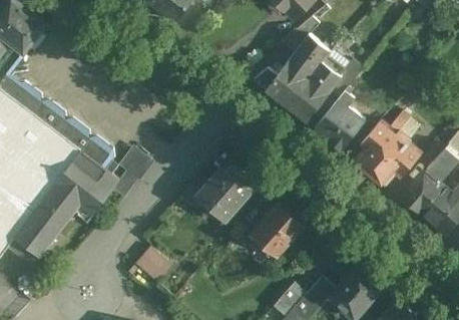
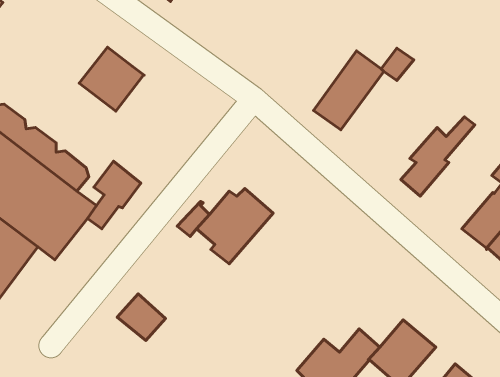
building: [255,27,330,106] -> none
building: none -> [79,47,144,111]
building: [315,86,366,148] -> none
building: [369,117,421,186] -> none
building: [250,204,306,258] -> none

